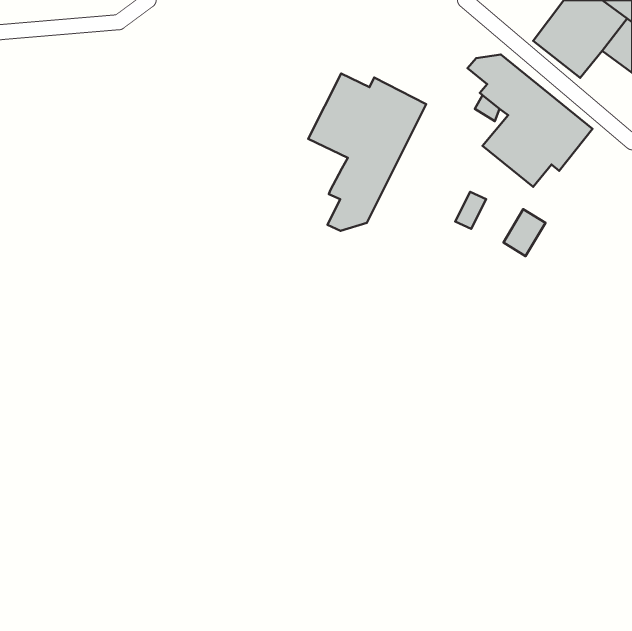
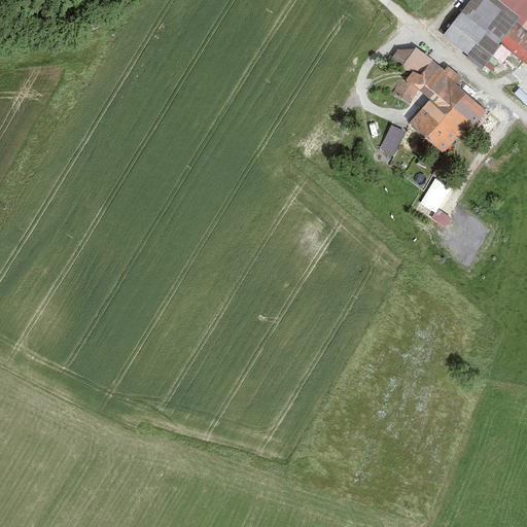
building: [308,74,426,231] -> none
building: [455,192,486,229] -> [380,124,406,154]

